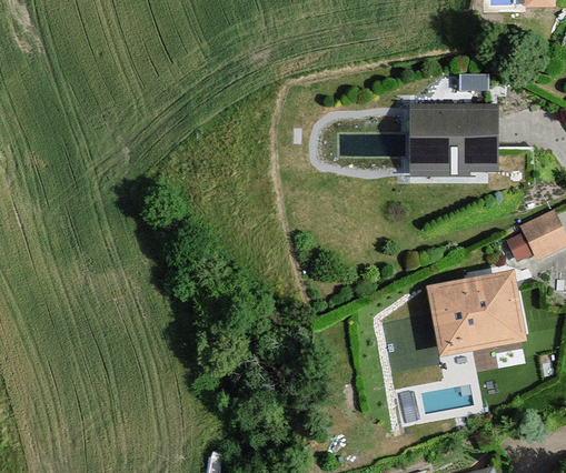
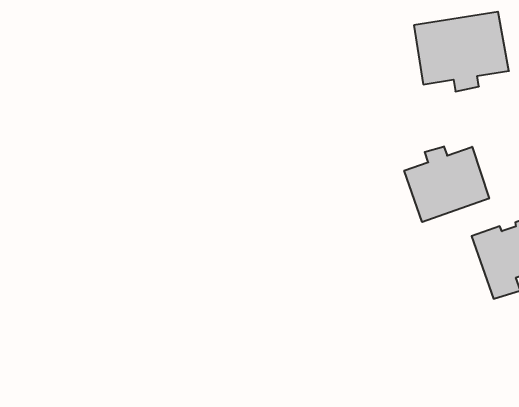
building: none -> [404,146,489,222]

